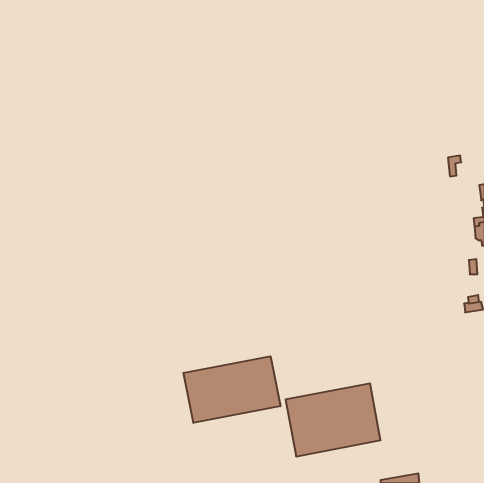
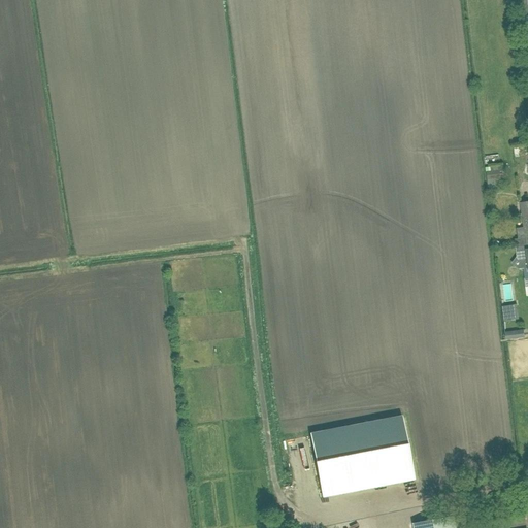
building: [183,356,280,423] -> none

